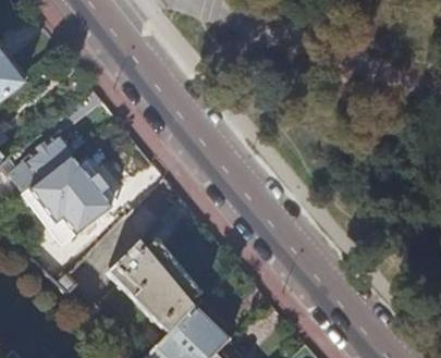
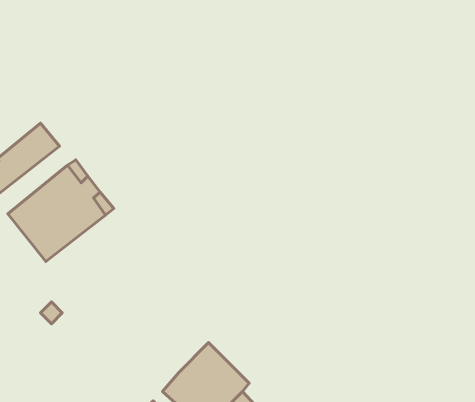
building: [108,234,200,331] -> none

